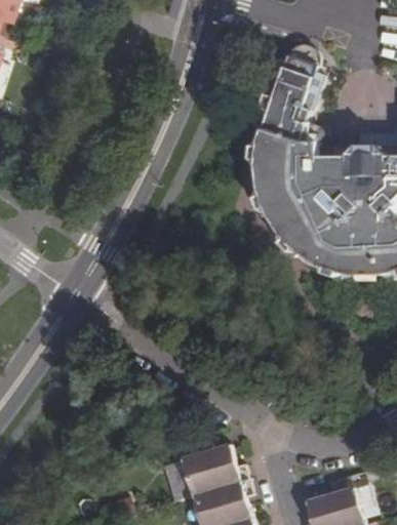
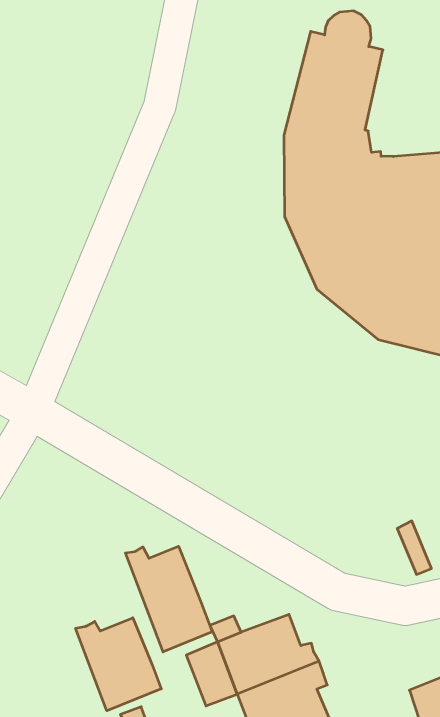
building: none -> [125,546,212,652]
building: none -> [76,618,161,711]

